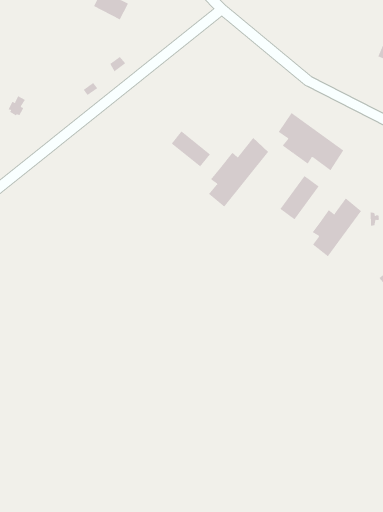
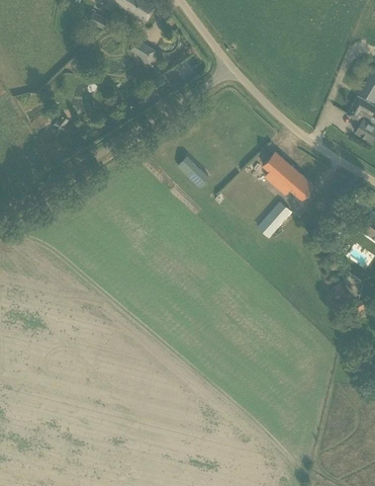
building: [208,137,269,208] -> none
building: [312,197,362,257] -> none

